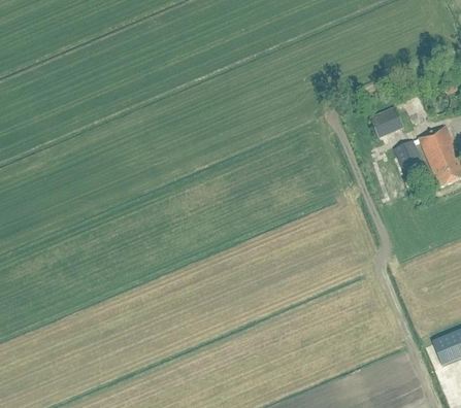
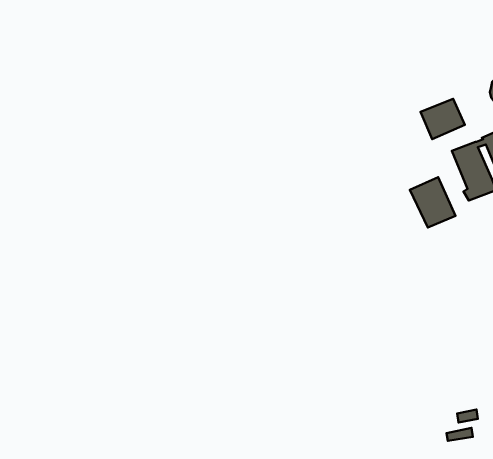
building: none -> [410,177,455,228]

